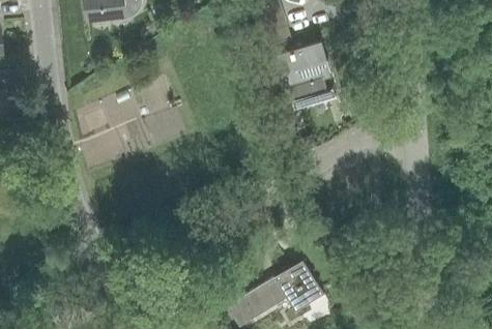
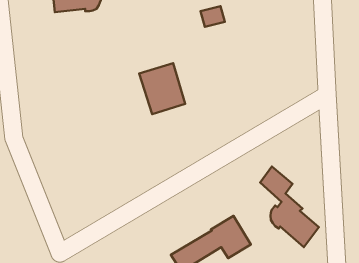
building: [280,42,335,103] -> [139,63,185,114]
building: none -> [260,166,319,247]

